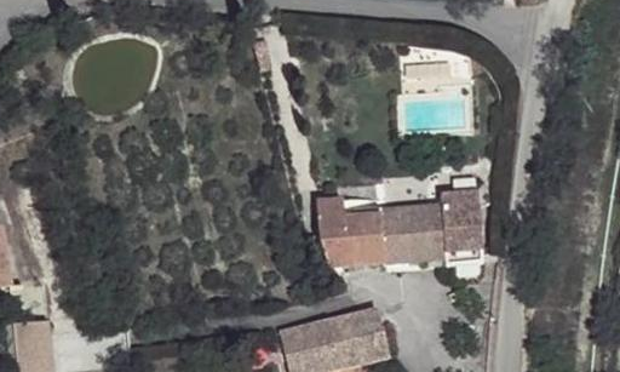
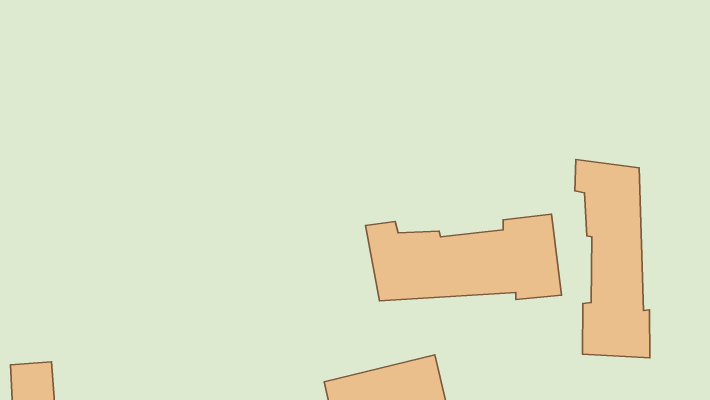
building: none -> [575,159,650,358]

